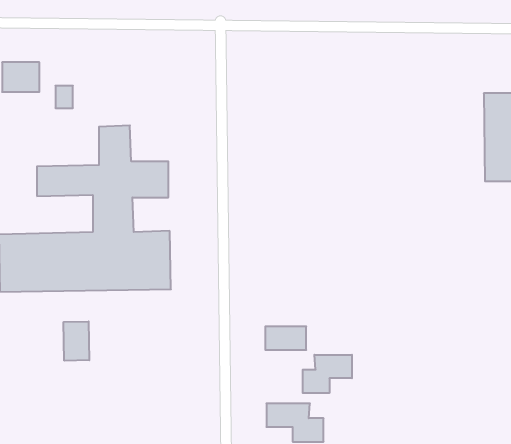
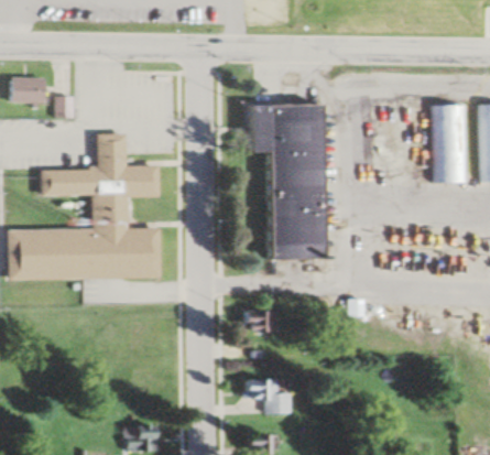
building: none -> [248,102,317,252]
building: [64,321,89,361] -> none
building: [303,355,352,393] -> none

